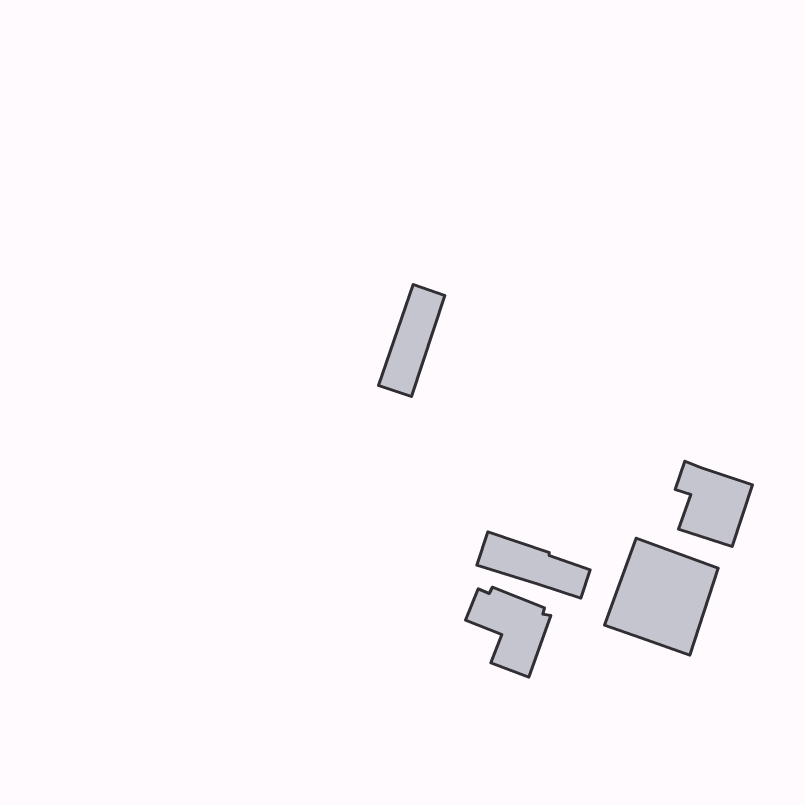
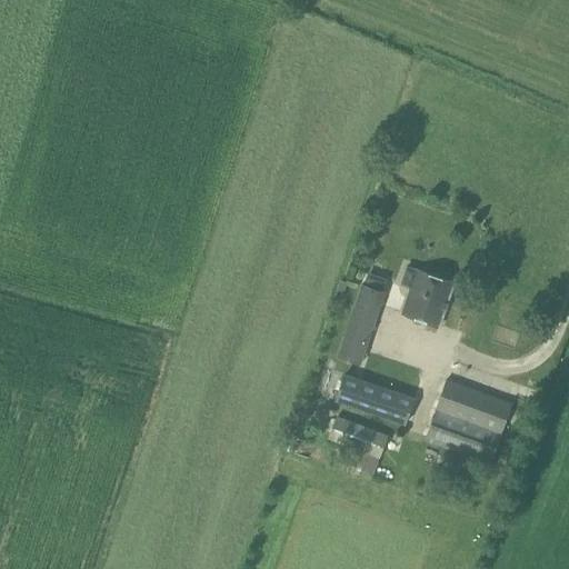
building: [378,285,445,397] -> [339,283,386,362]
building: [675,461,753,546] -> [401,264,456,325]

